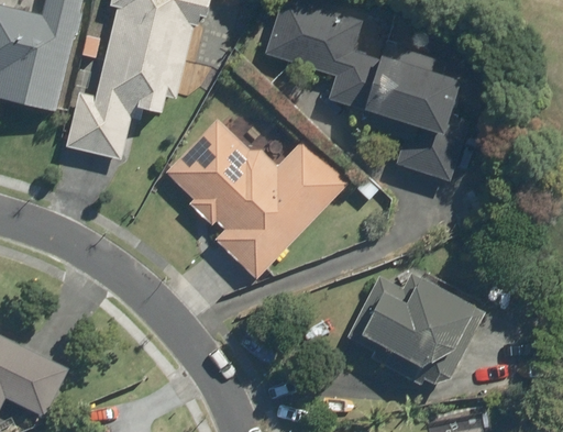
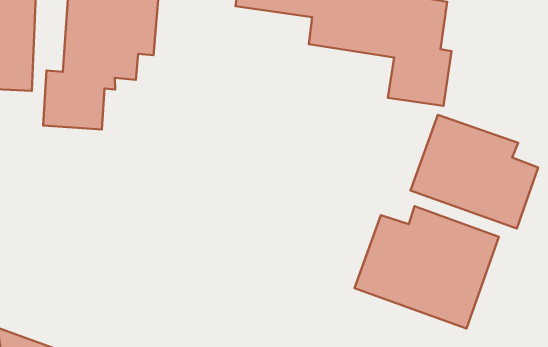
building: [167,123,346,278] -> none
building: none -> [411,115,538,229]

